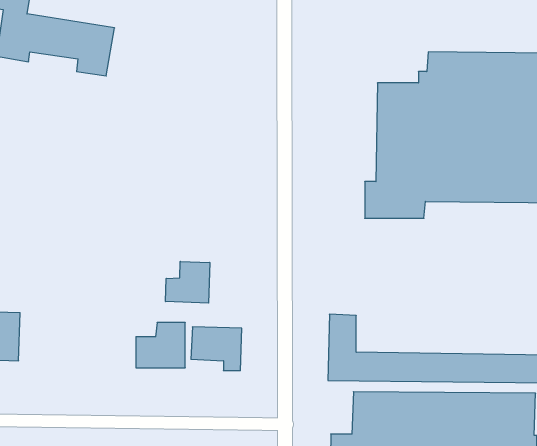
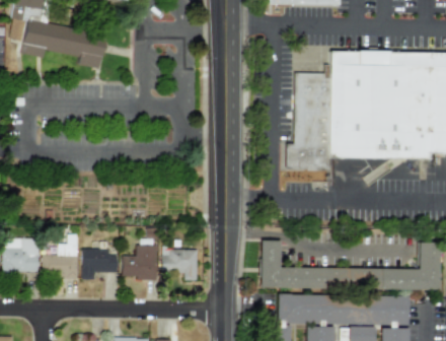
building: [166,261,210,303] -> none
building: none -> [43,234,79,277]
building: none -> [82,249,119,279]

